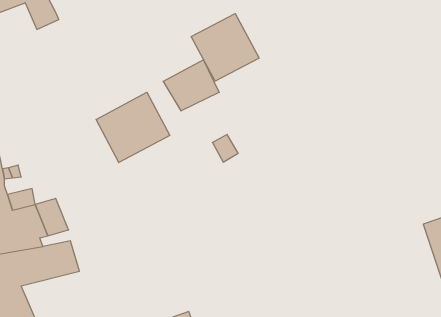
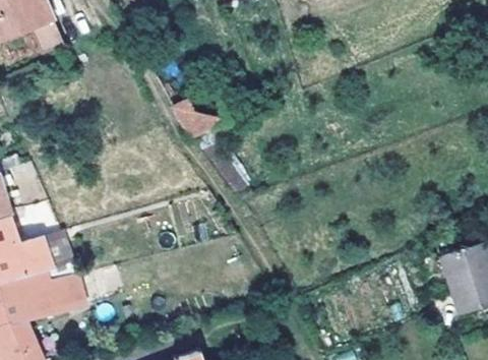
building: [191,14,259,81] -> none
building: [96,92,170,163] -> none

